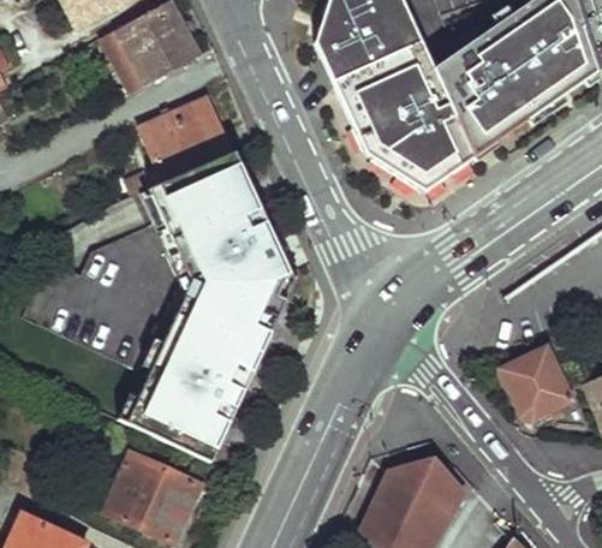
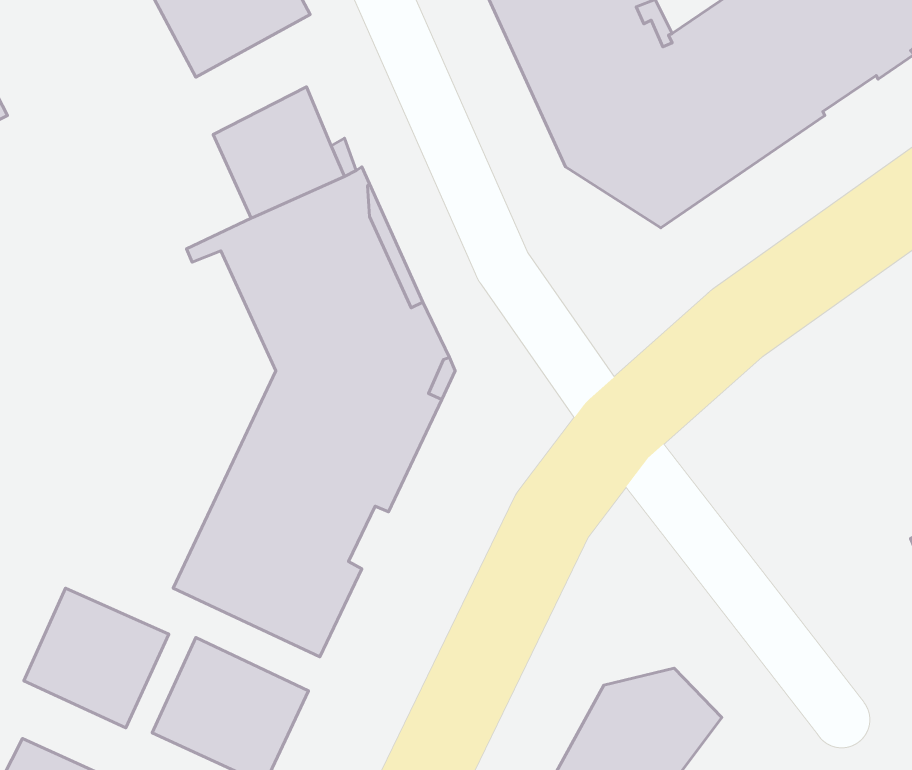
building: [501,346,570,413] -> none
building: none -> [24,588,169,728]

